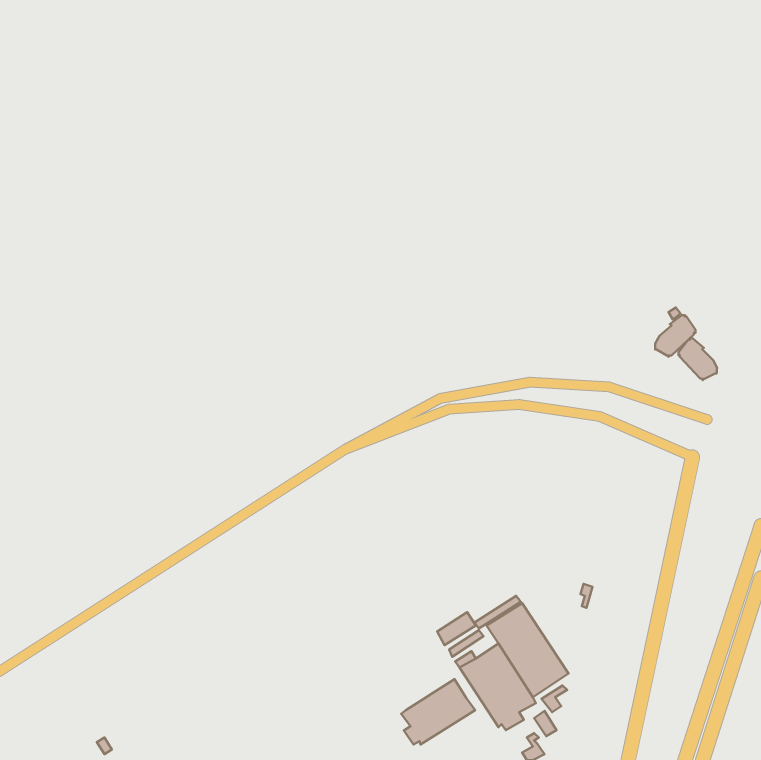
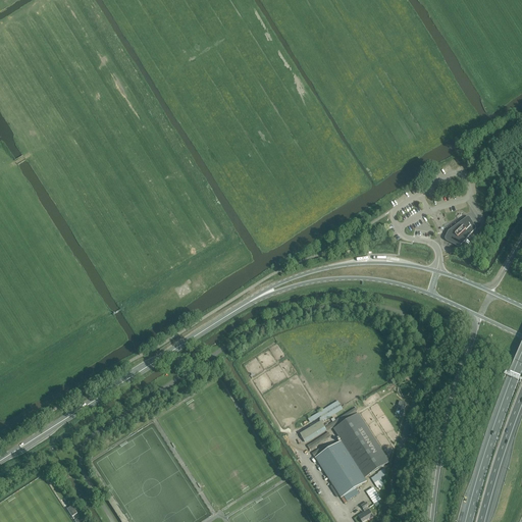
building: [678,338,717,380] -> none
building: [401,679,475,744] -> none

